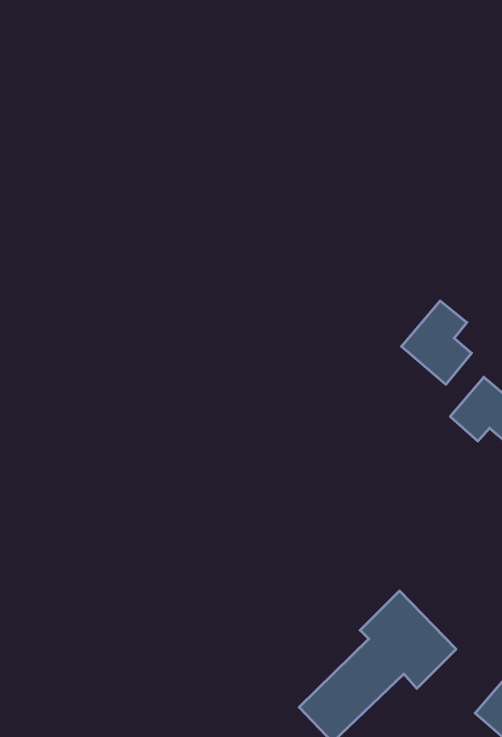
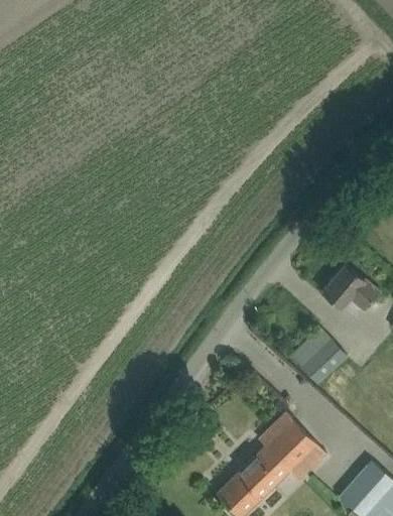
building: [401,301,472,384] -> none
building: none -> [292,329,348,384]

